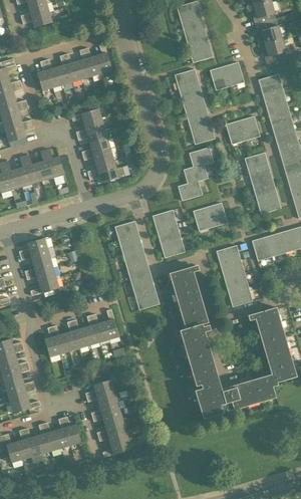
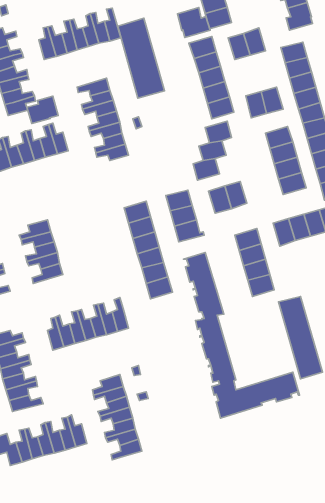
building: none -> [177,7,210,38]
building: none -> [118,18,164,98]
building: none -> [27,96,58,124]

